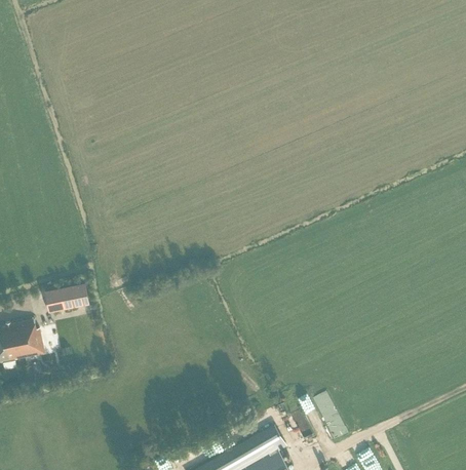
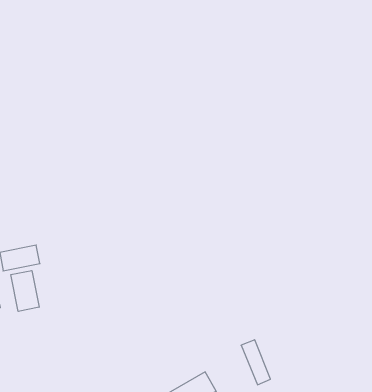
building: none -> [11,271,39,311]

